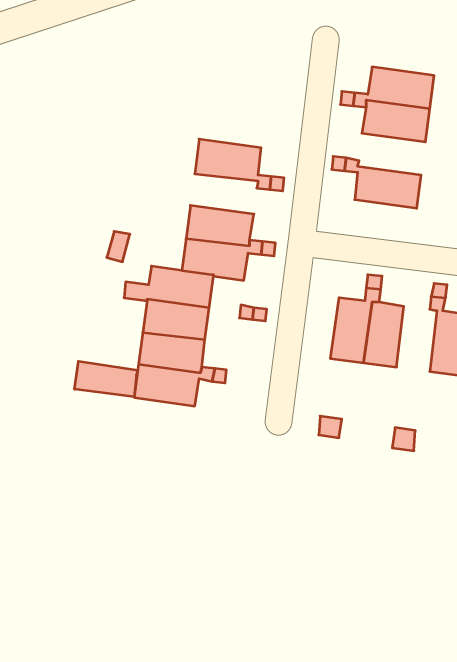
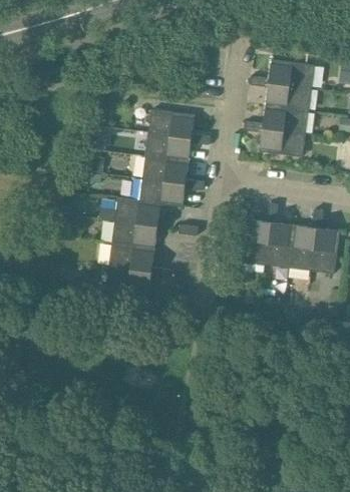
building: none -> [261,105,308,134]
building: none -> [144,133,192,161]
building: none -> [288,225,316,271]
building: [75,361,138,397] -> none

